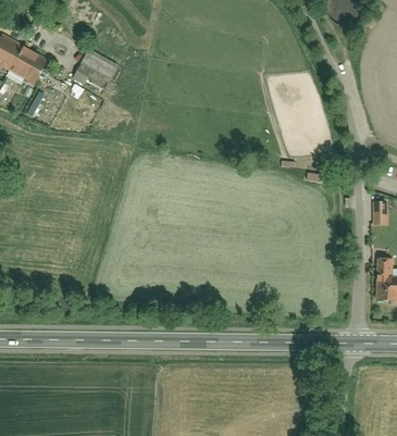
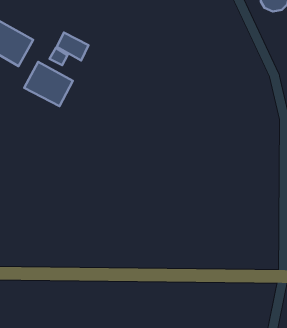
building: none -> [24,62,73,106]

